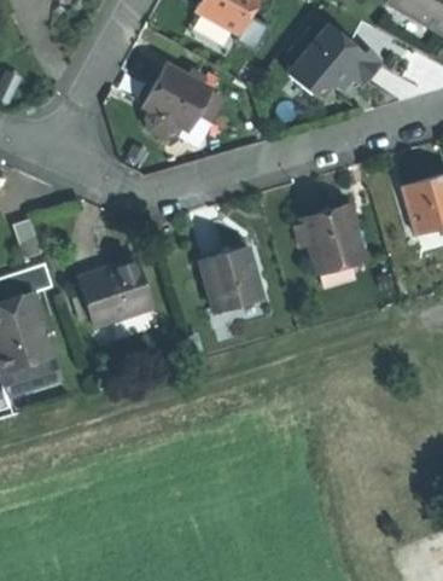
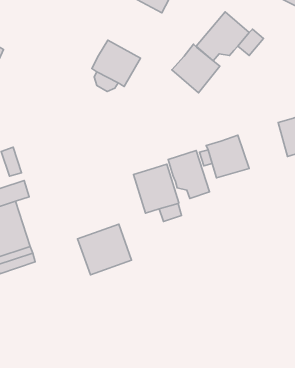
building: none -> [172,44,220,93]
building: none -> [168,150,210,198]
building: [78,256,155,327] -> [78,224,132,275]

